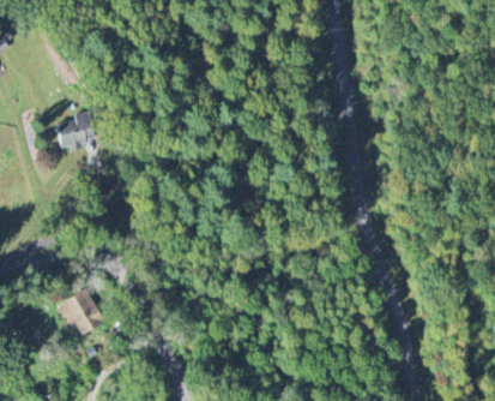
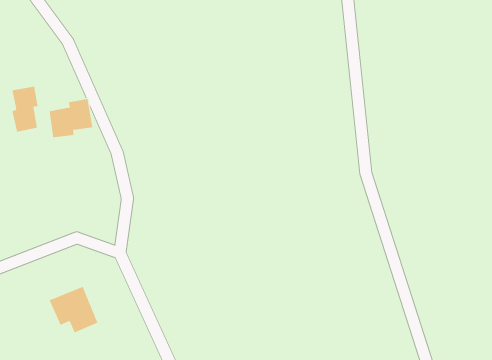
building: none -> [12,86,38,133]

